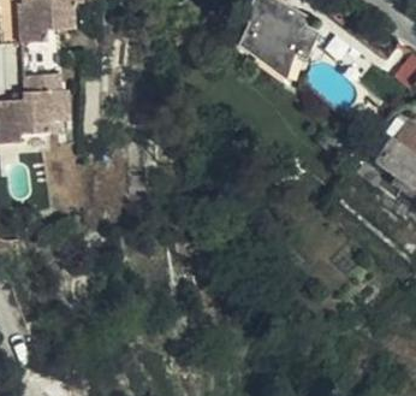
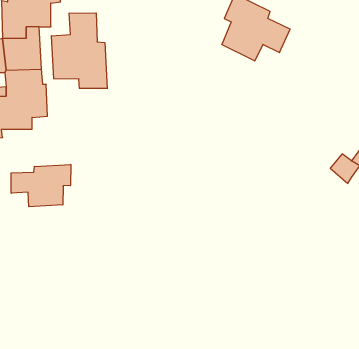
building: none -> [51,13,107,89]
building: none -> [11,164,71,207]

